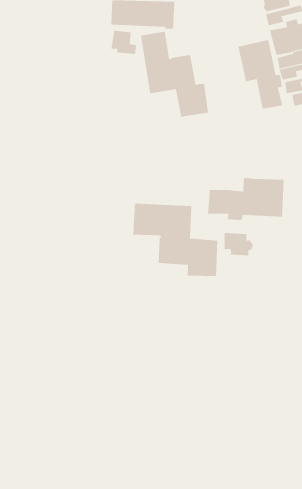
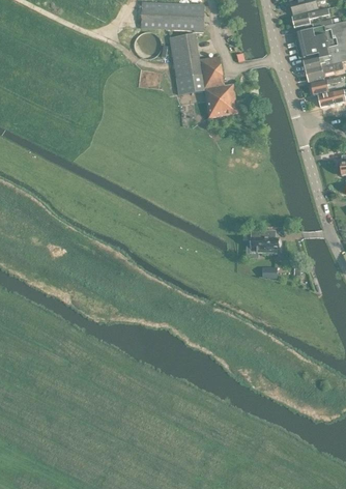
building: [238,39,283,109] -> none
building: [208,177,284,221] -> none
building: [133,203,218,277] -> none

